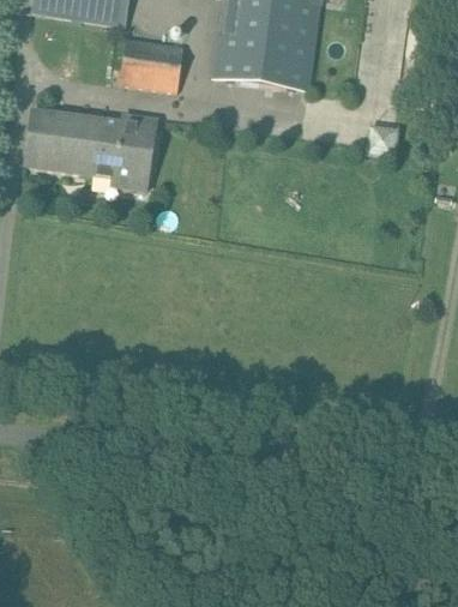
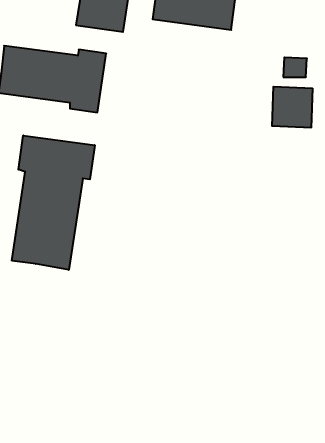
building: none -> [272,87,312,128]
building: none -> [12,135,95,270]

